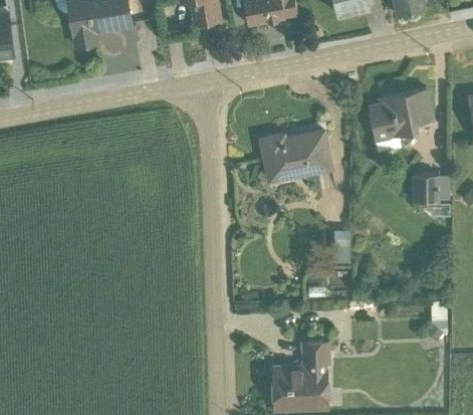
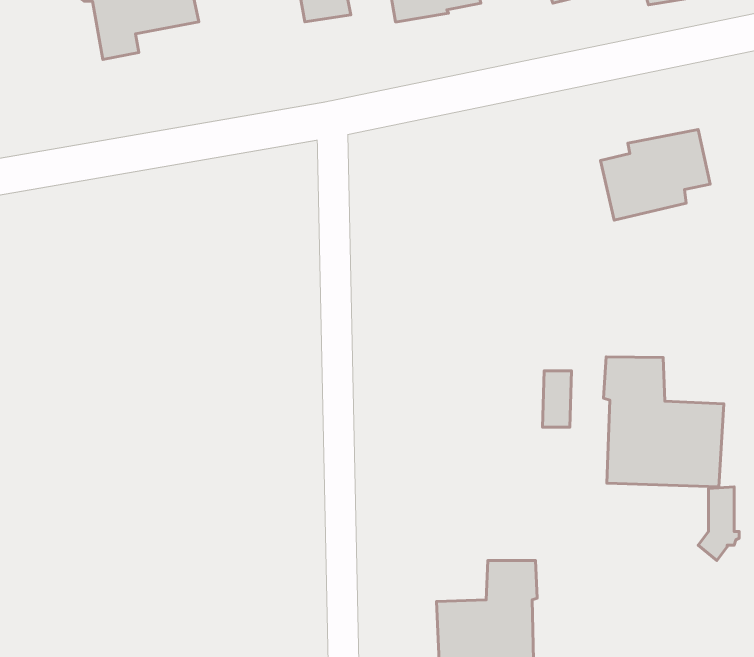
building: [261,131,329,182] -> none
building: [412,175,439,202] -> none
building: none -> [604,357,724,487]

